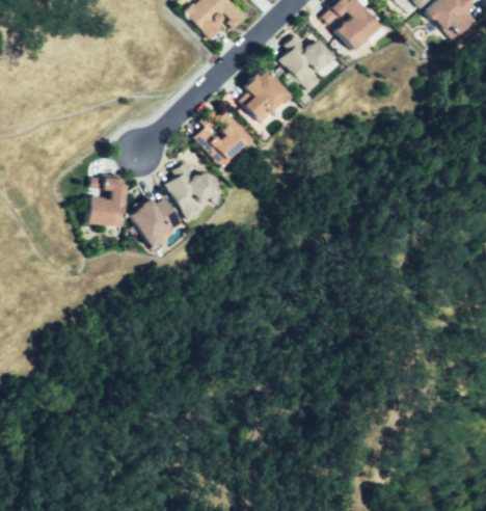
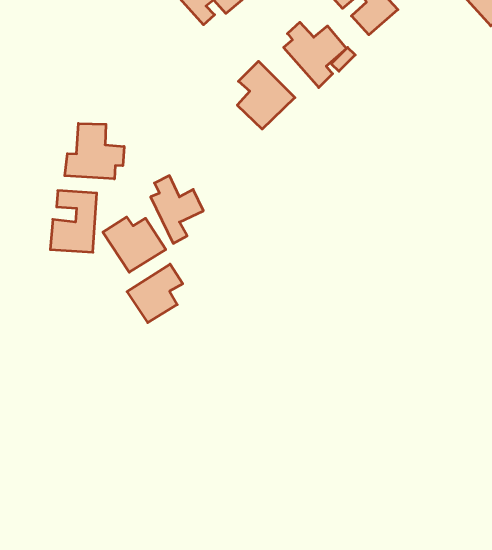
building: [193,118,253,170] -> none
building: none -> [65,123,124,179]
building: none -> [127,264,183,323]

